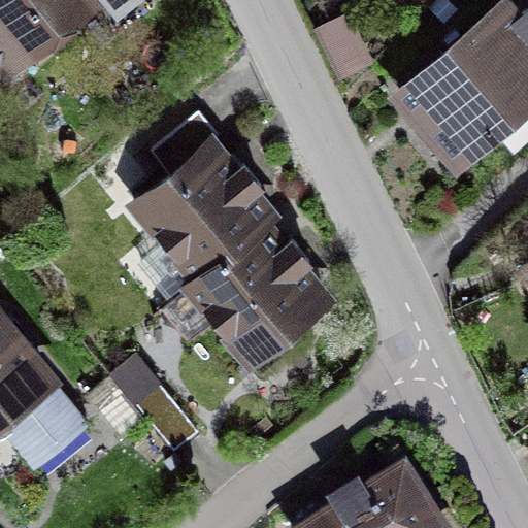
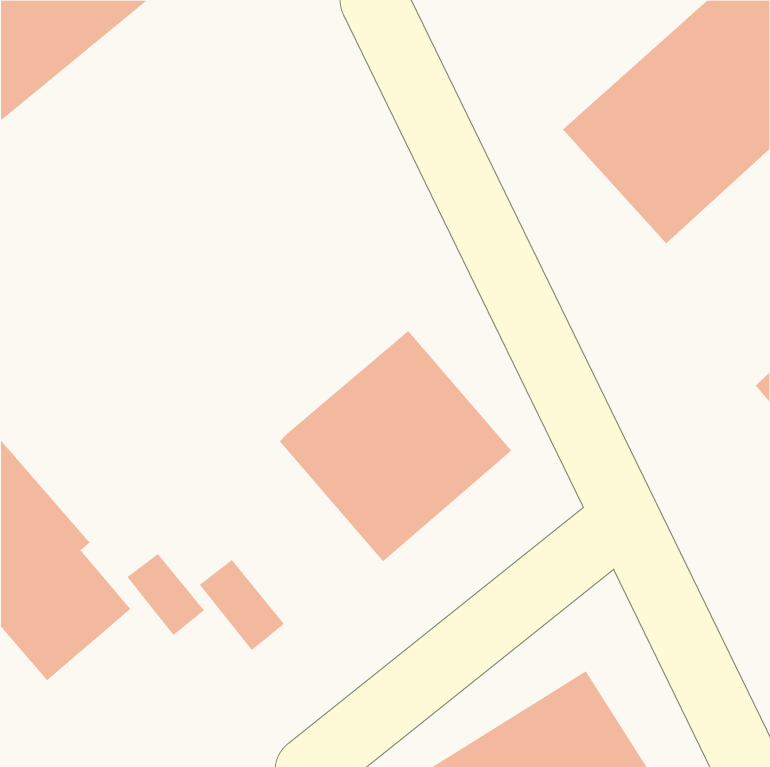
building: [131,144,289,299] -> none

